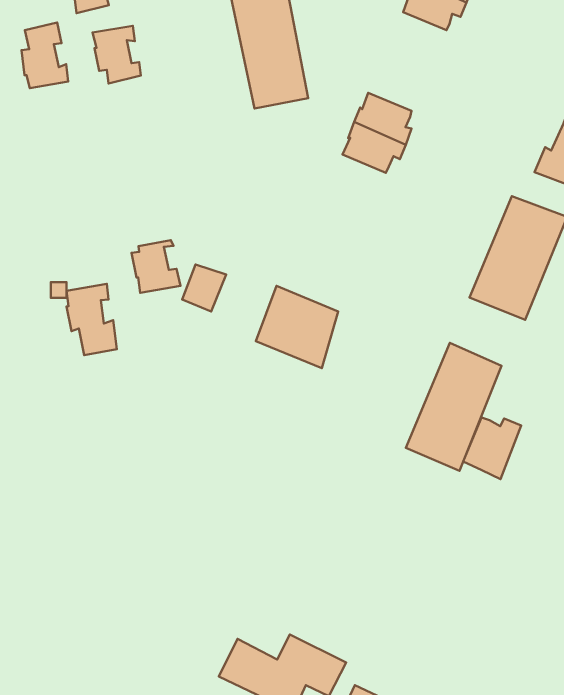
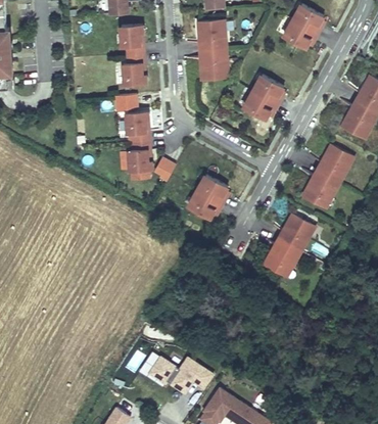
building: [21,22,68,88] -> [123,53,145,86]
building: [66,284,117,355] -> [125,106,148,142]
building: [463,417,521,479] -> none

